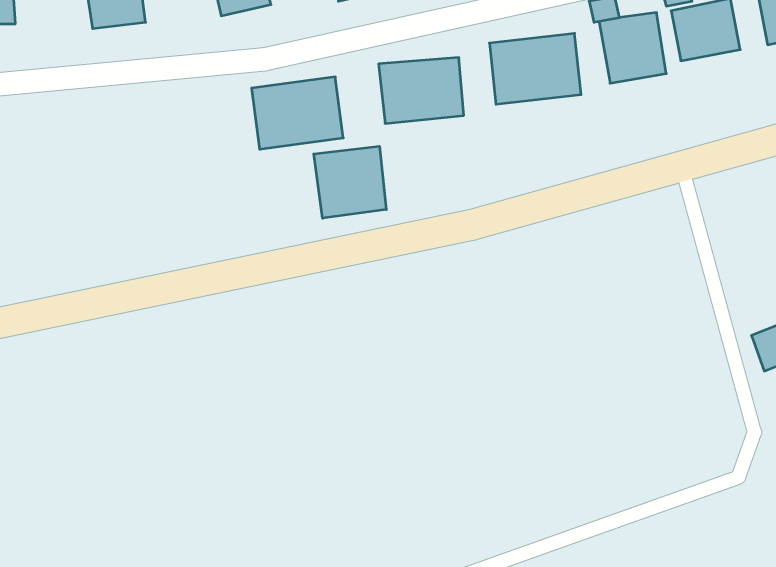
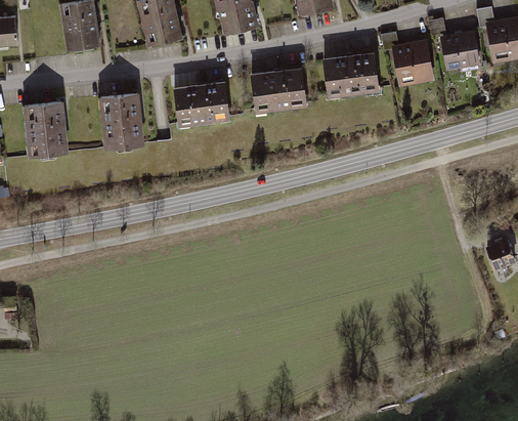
building: none -> [99,91,144,148]
building: none -> [23,100,68,154]
building: [314,146,386,218] -> none

